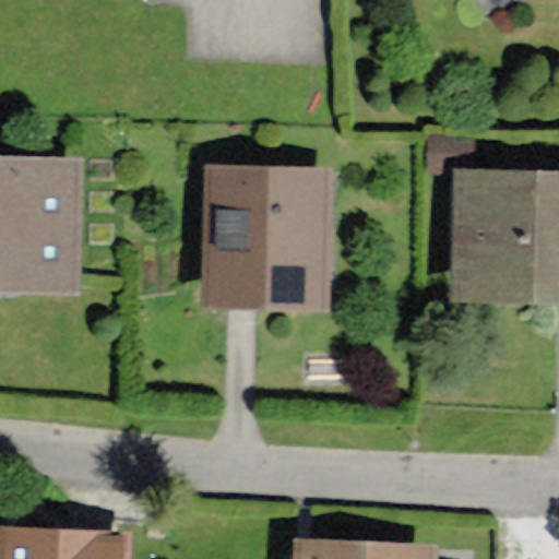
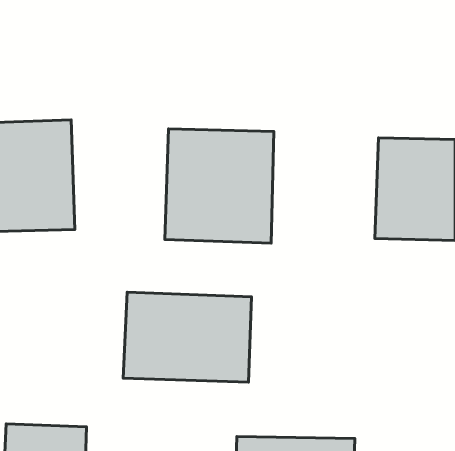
building: none -> [123,292,251,382]

